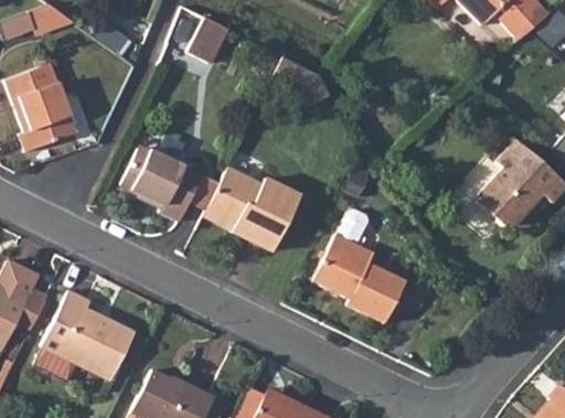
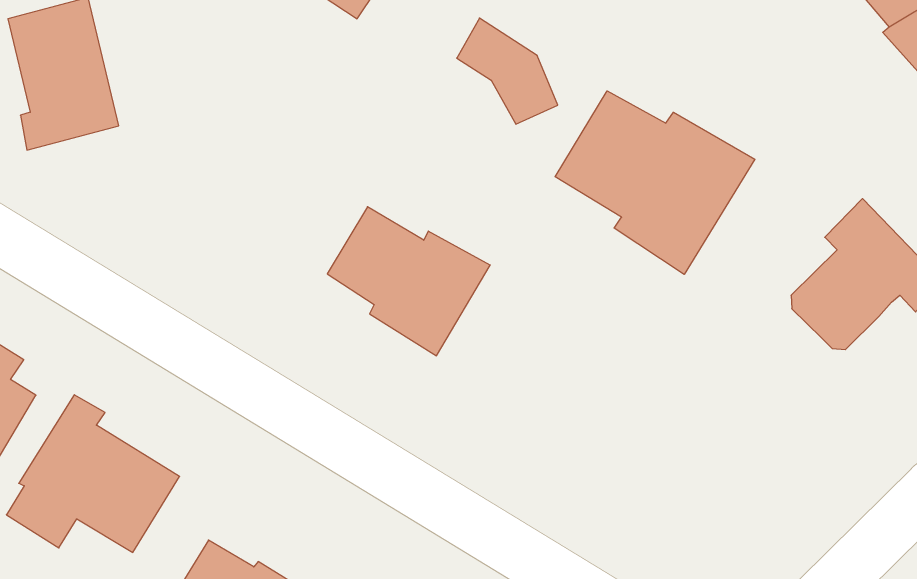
building: none -> [555,91,755,274]
building: [122,146,202,223] -> none
building: [318,207,409,319] -> none

